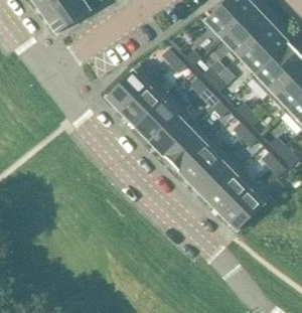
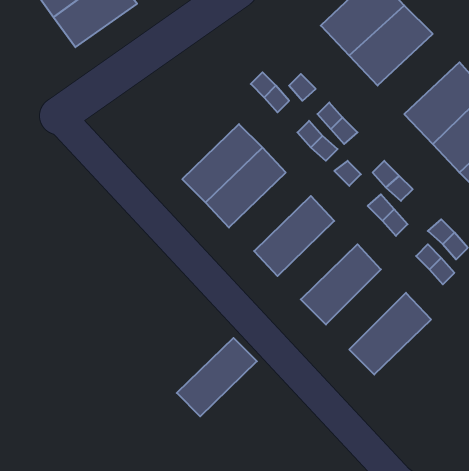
building: [239,25,288,73] -> none
building: [106,63,155,113] -> none
building: [149,109,198,156] -> none
building: [178,138,226,185] -> [177,338,257,416]
building: [207,167,256,215] -> none

